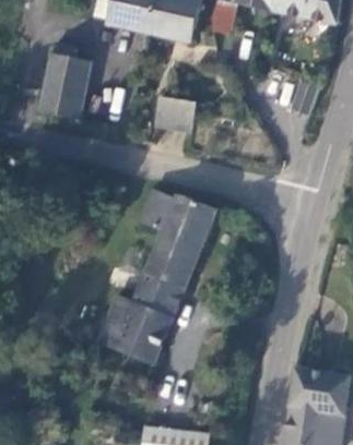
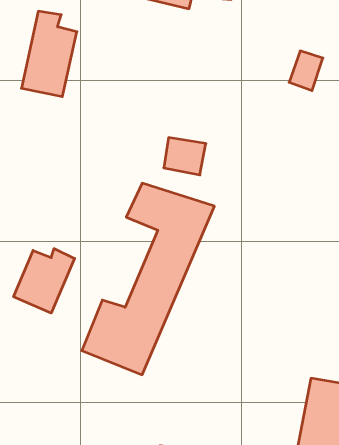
building: [155,96,193,130] -> [164,138,206,175]
building: none -> [14,249,75,313]

